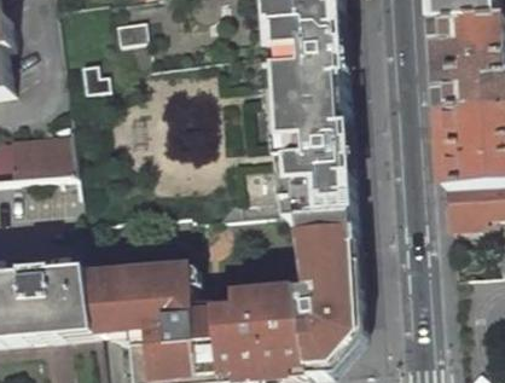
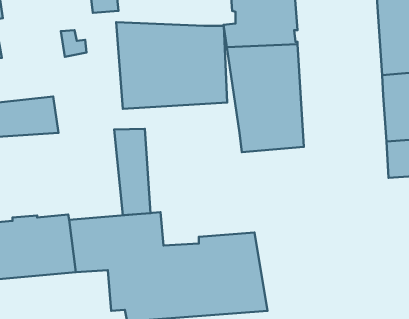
building: none -> [116,22,227,109]
building: none -> [114,129,150,215]
building: [279,186,359,371] -> none

